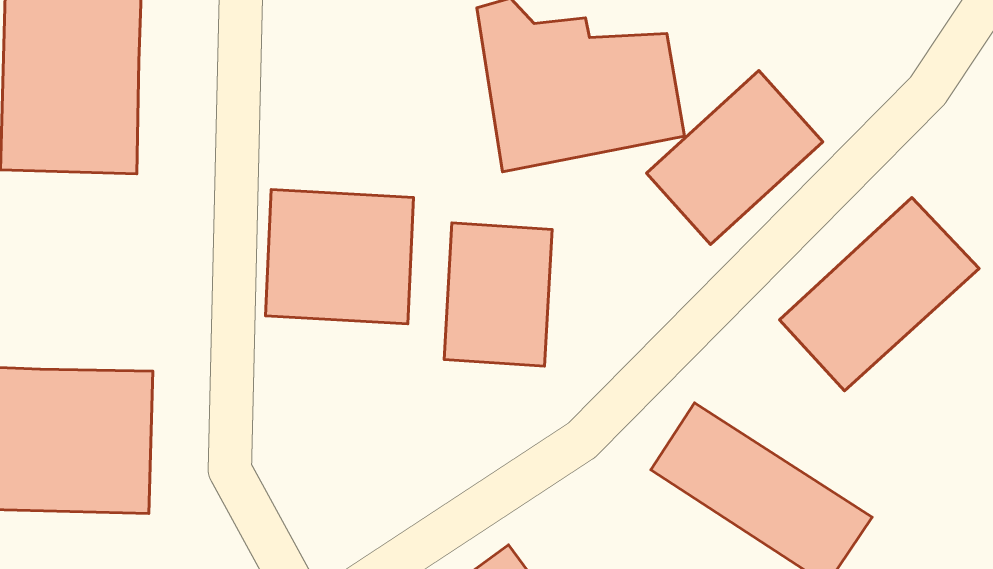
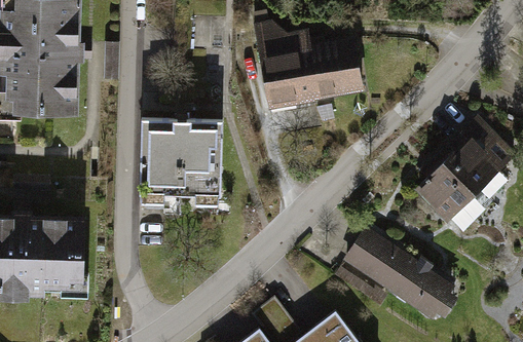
building: [647,70,823,245] -> none
building: [444,223,552,366] -> none

